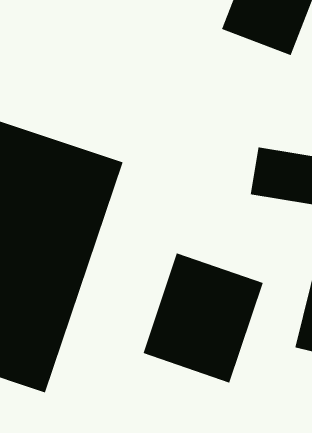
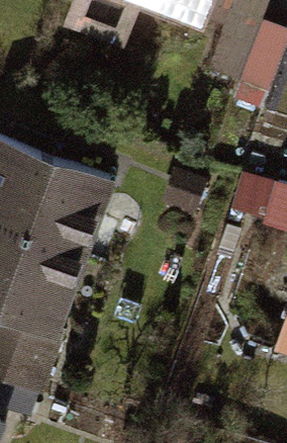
building: [143,252,264,384] -> none

